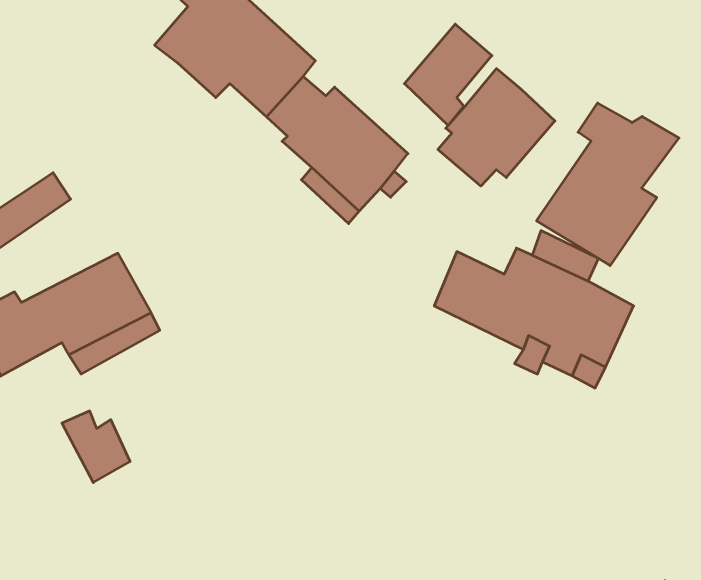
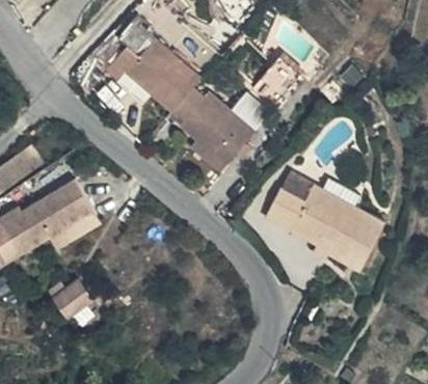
building: [438,69,555,186] -> none
building: [537,103,679,266] -> none

